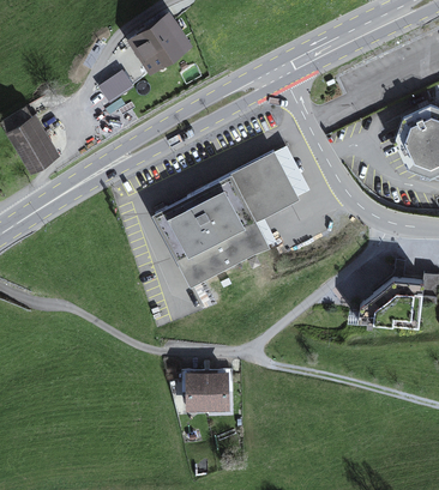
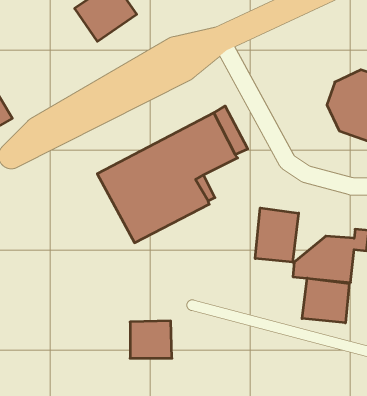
building: [97,68,133,102] -> none
building: none -> [255,208,299,262]
building: none -> [302,278,349,323]

